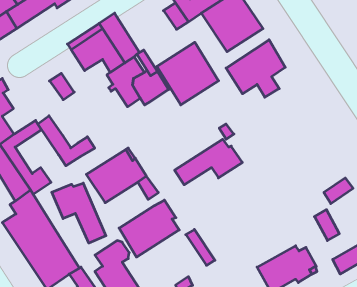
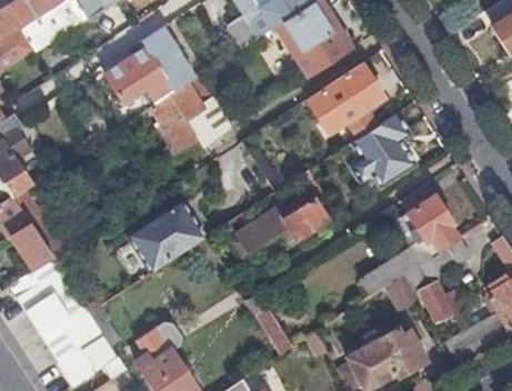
building: [157,42,219,105] -> none
building: none -> [349,112,414,187]
building: [38,116,95,166] -> none
building: none -> [360,181,460,295]
building: [52,183,106,243] -> none
building: [119,200,179,257] -> none

